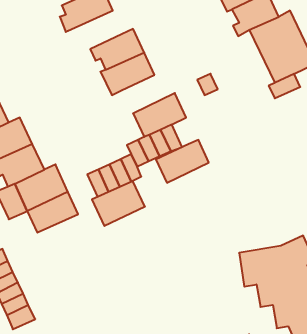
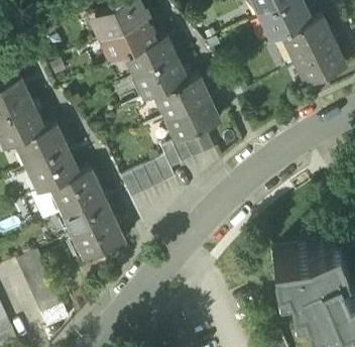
building: none -> [101,15,154,56]
building: [156,140,209,183] -> [154,74,207,116]
building: [92,181,145,226] -> [71,216,123,260]

